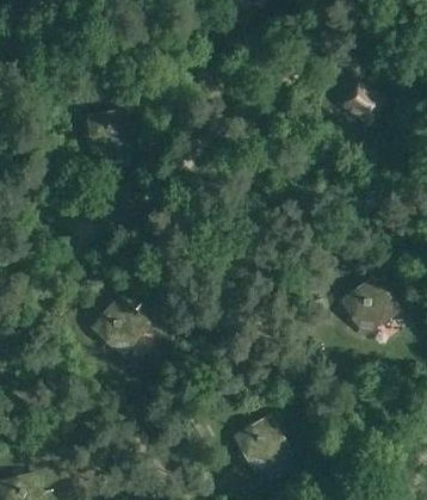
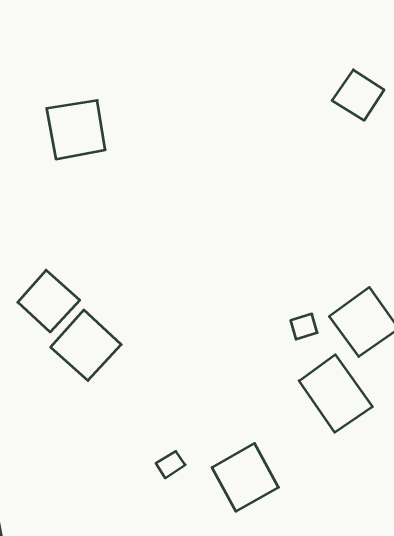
building: none -> [18,270,80,332]
building: none -> [299,355,372,432]

